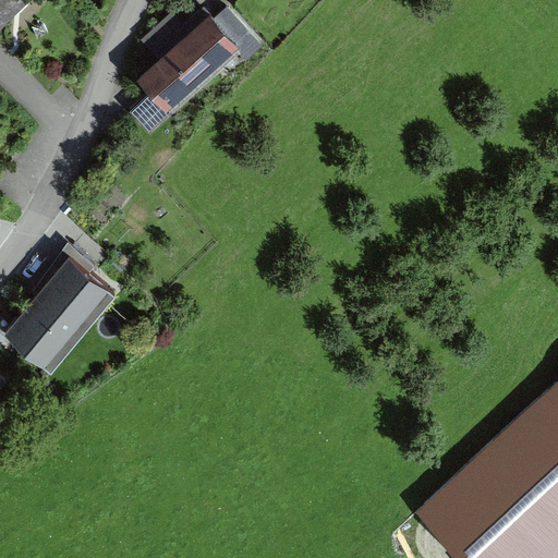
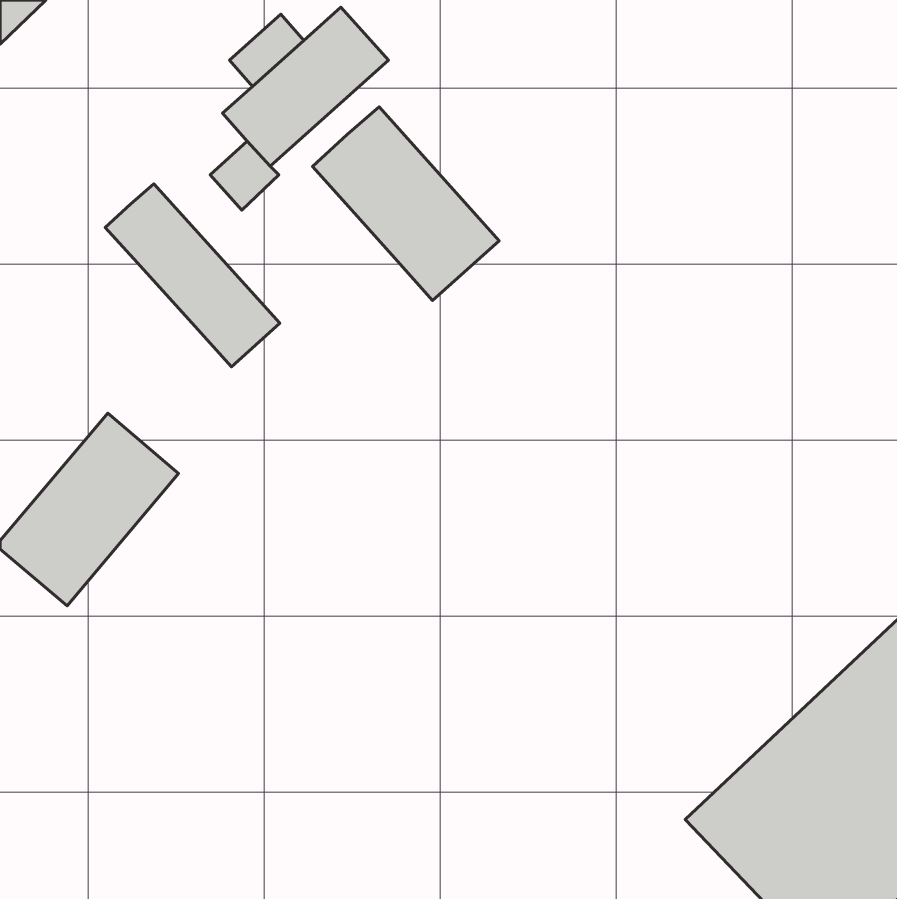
building: none -> [312,107,499,300]
building: none -> [105,184,280,367]

